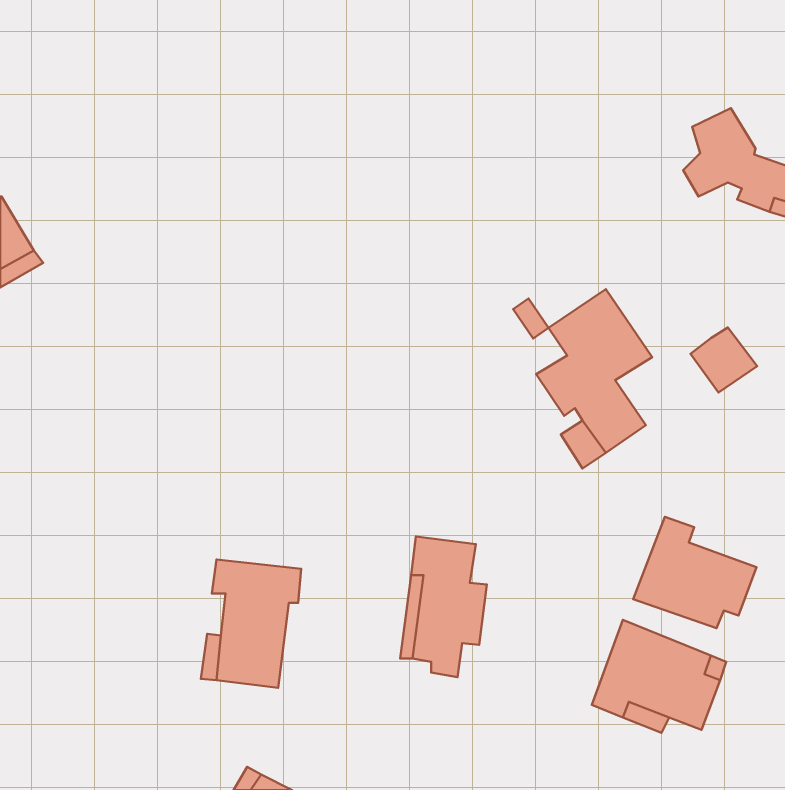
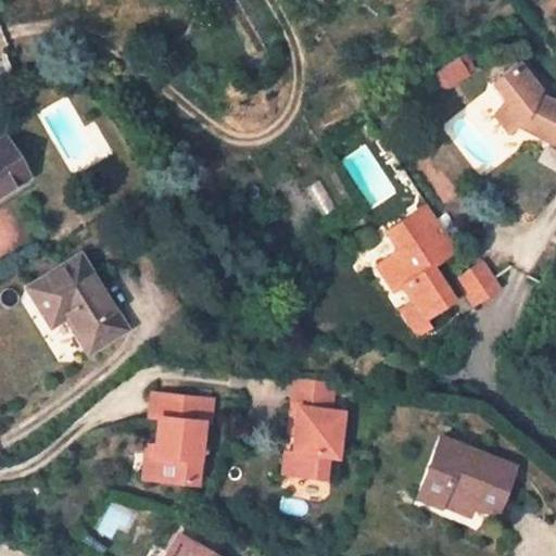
building: [691,327,757,392] -> [459,261,506,306]
building: none -> [30,256,125,350]
building: [633,517,757,628] -> none

